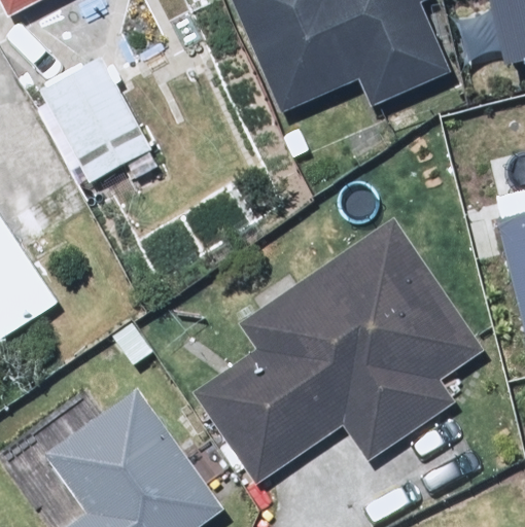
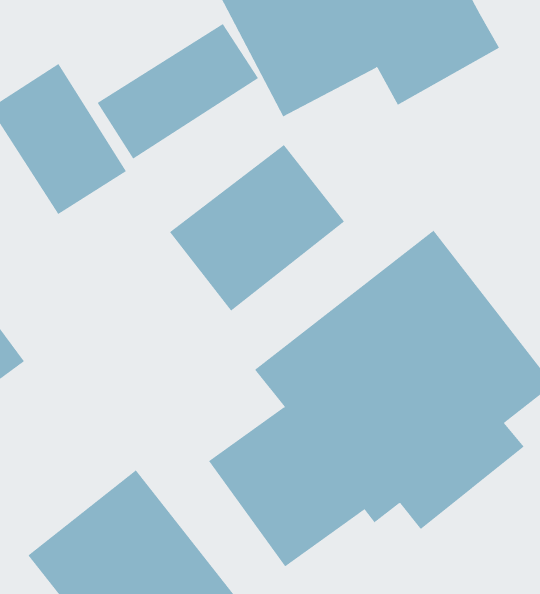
building: none -> [97,23,259,160]
building: none -> [169,144,345,312]

